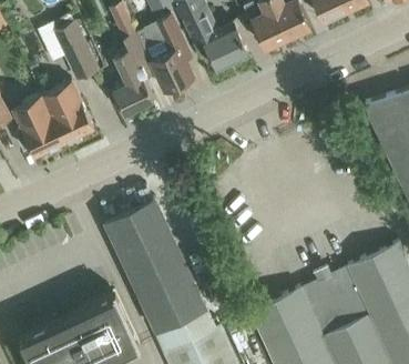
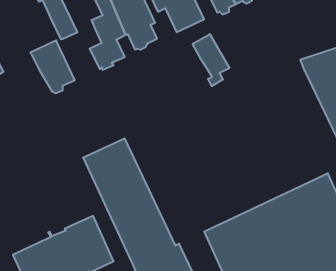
building: none -> [193,34,229,86]
building: [14,95,67,158] -> none

